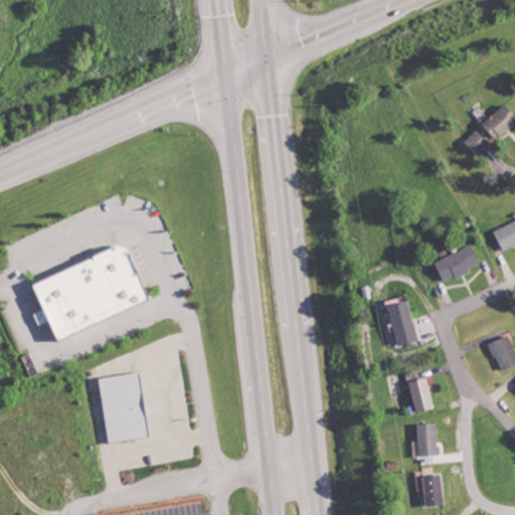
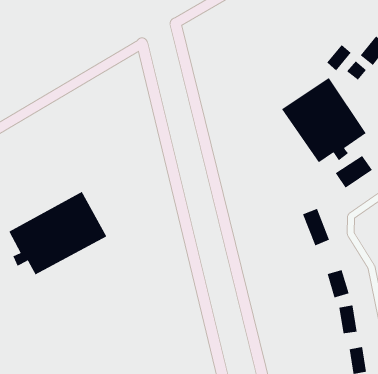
building: none -> [326,44,352,71]
building: none -> [281,77,367,163]
building: [97,372,149,443] -> none

